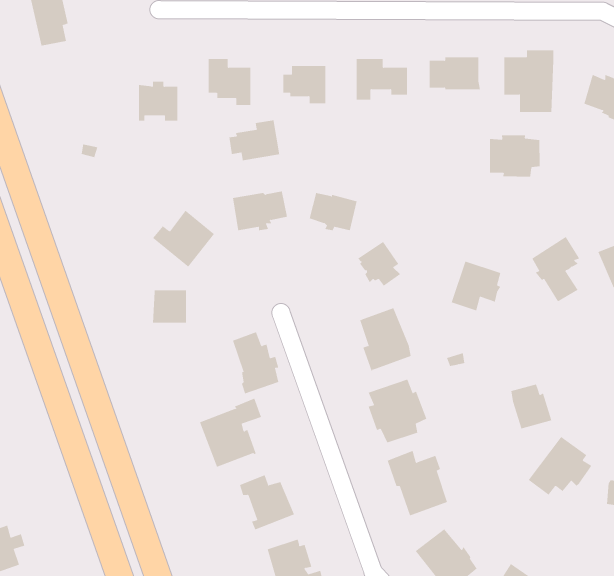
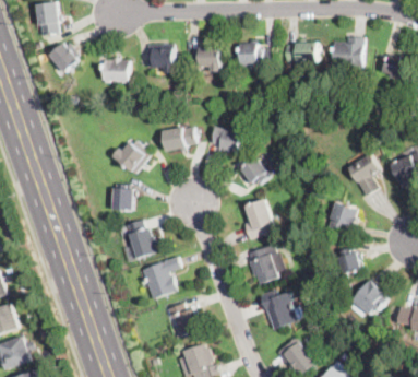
building: none -> [49,42,79,73]
building: [229,119,280,161] -> none
building: [489,134,540,177] -> none
building: [451,261,501,311] -> [326,201,358,233]
building: [232,332,279,394] -> [126,220,155,259]

